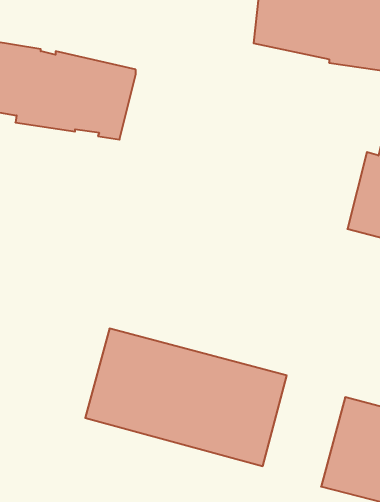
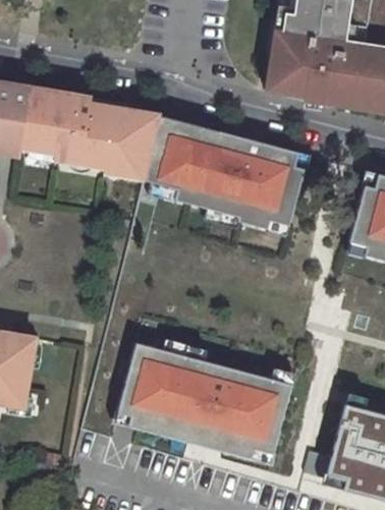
building: none -> [145,117,306,238]

